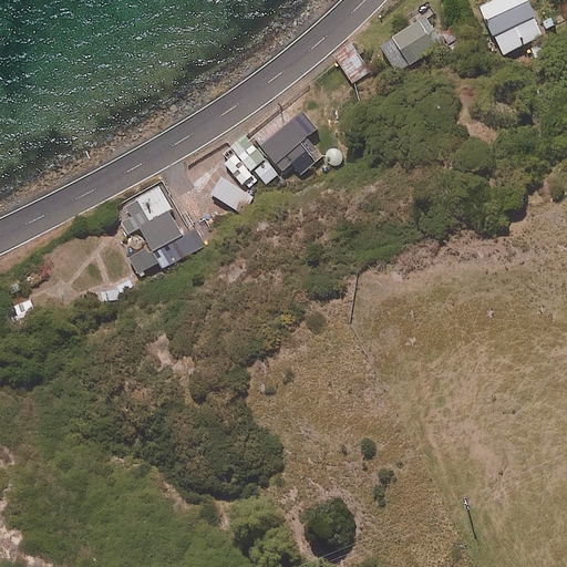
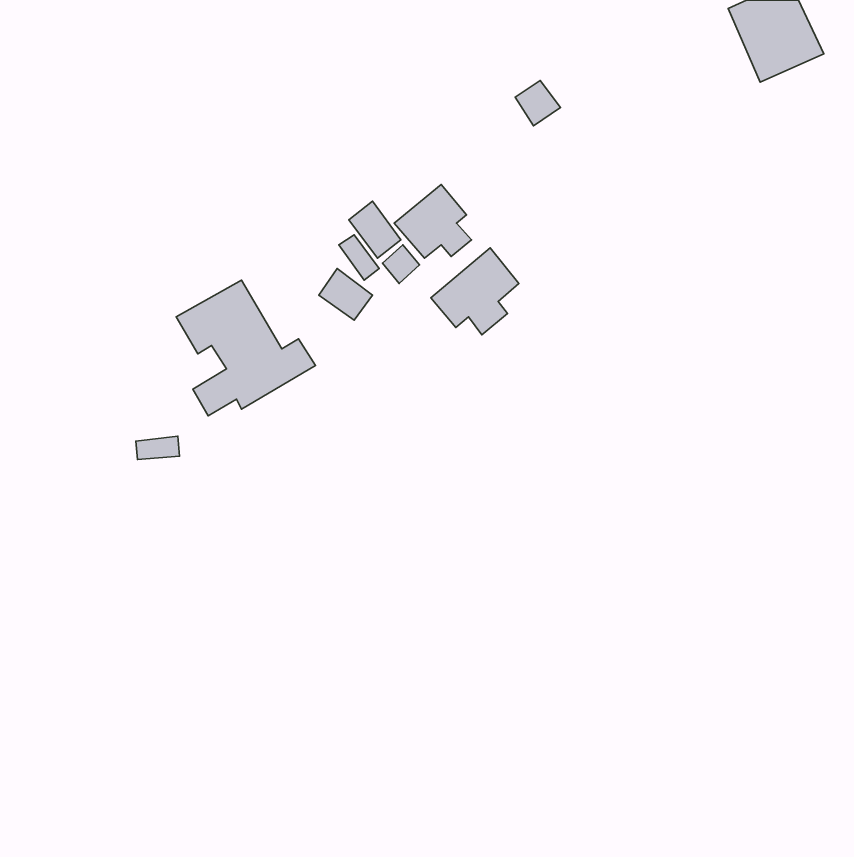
building: [380,19,439,71] -> none
building: none -> [431,248,519,335]

